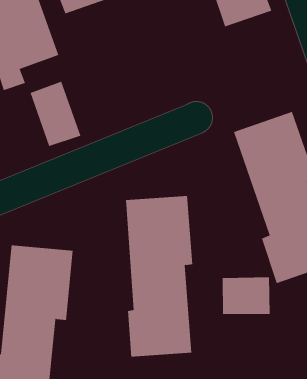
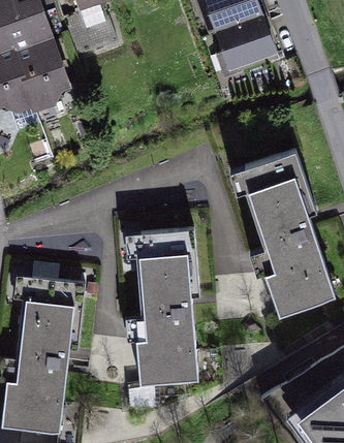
building: [30,81,81,147] -> none
building: [222,277,270,315] -> none

